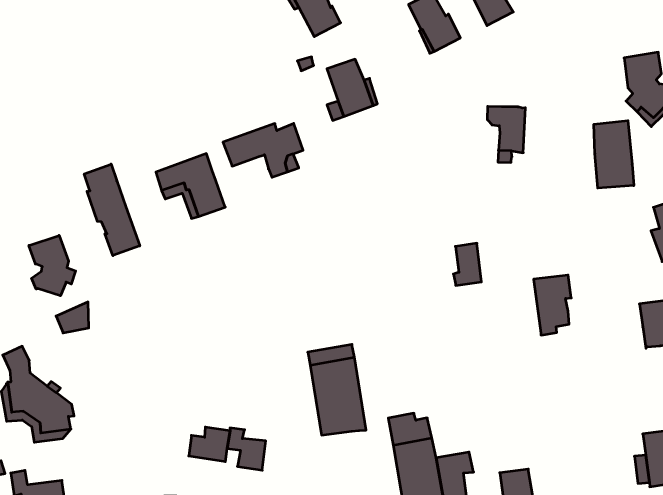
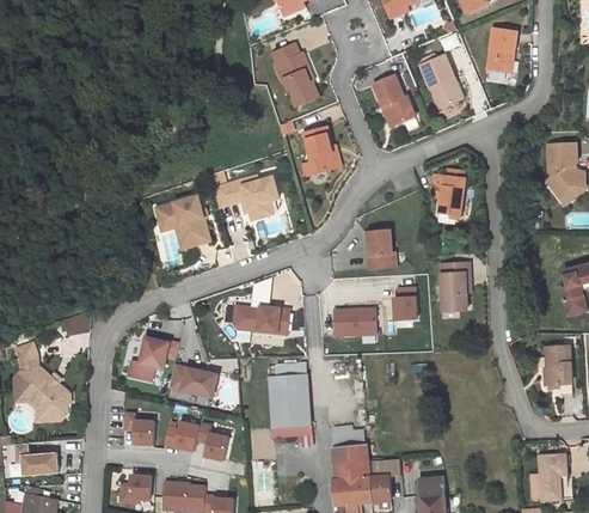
building: [594,121,634,188] -> none
building: [84,164,140,256] -> none
building: none -> [364,230,395,268]
building: [29,235,76,296] -> none
building: none -> [332,307,375,336]
building: [534,275,571,335] -> [440,263,470,311]
building: none -> [234,306,290,335]
building: none -> [127,336,178,380]
building: none -> [168,365,216,396]
building: none -> [123,413,153,445]

